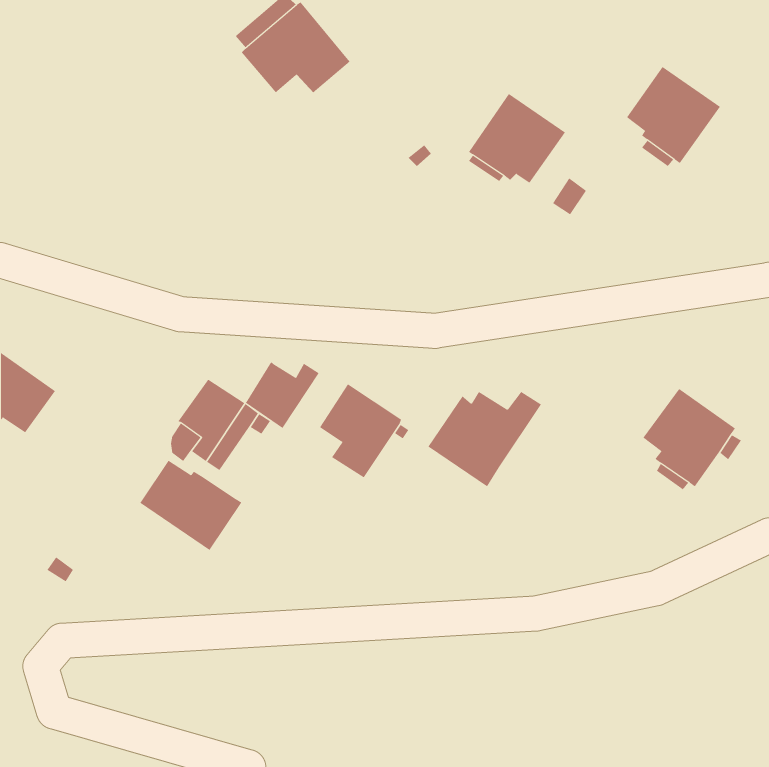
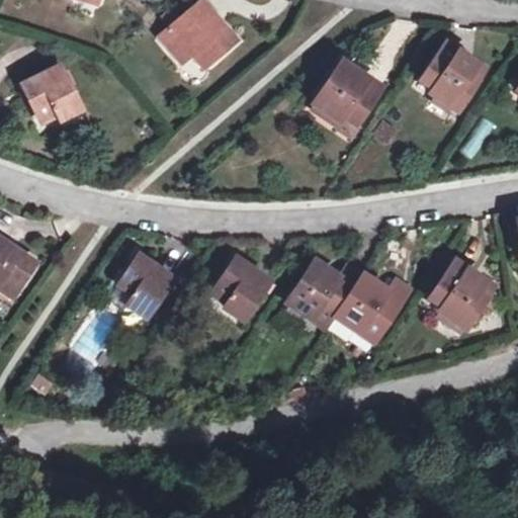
building: none -> [23,66,83,118]
building: [245,361,320,429] -> none
building: none -> [336,272,412,342]
building: [139,460,242,551] -> none

